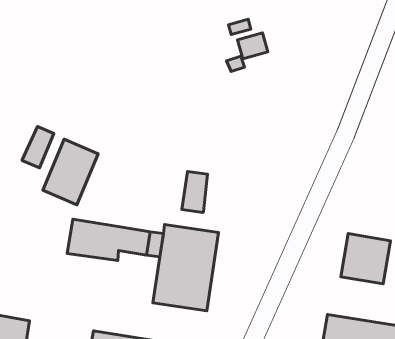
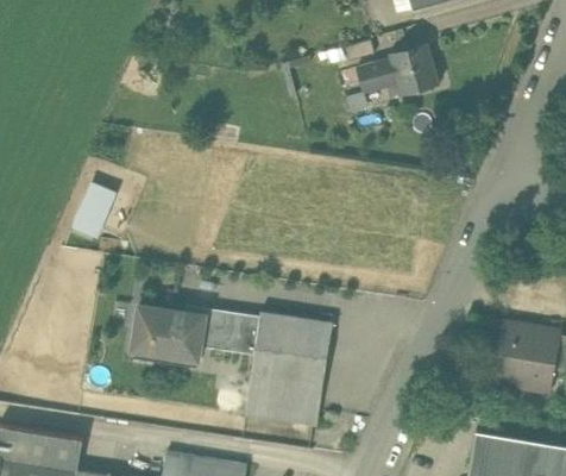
building: none -> [389,44,439,96]
building: [43,139,98,205] -> none
building: [182,172,208,213] -> none

